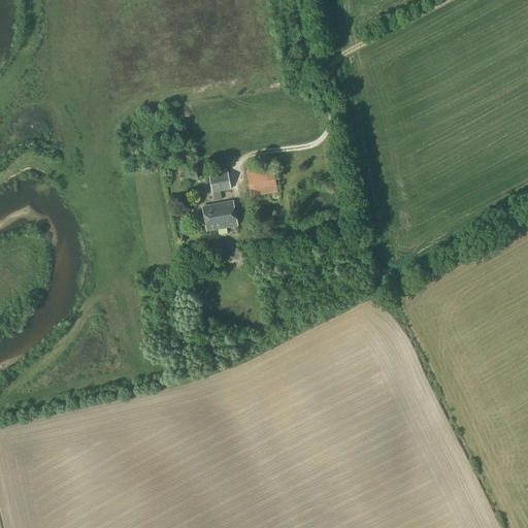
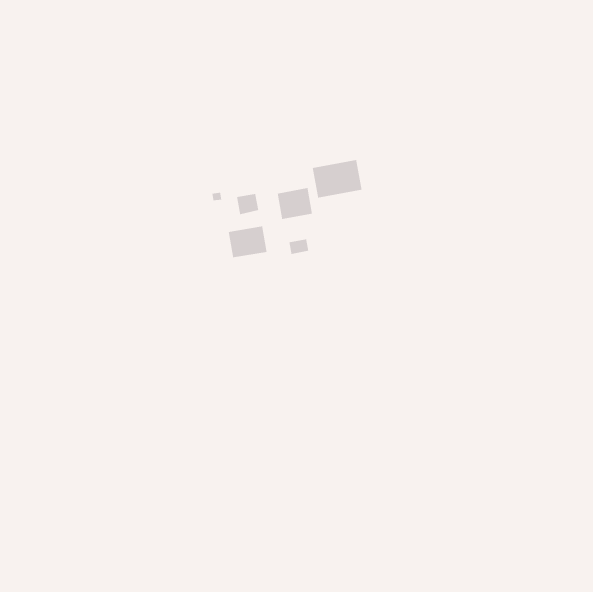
building: none -> [312,159,362,198]

